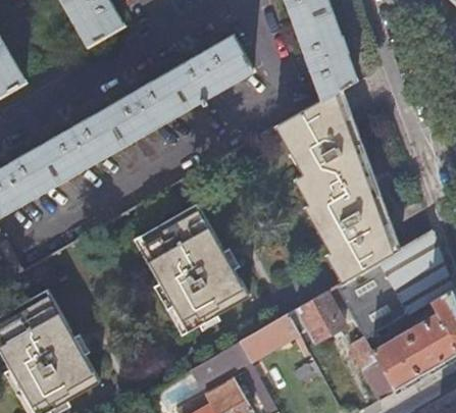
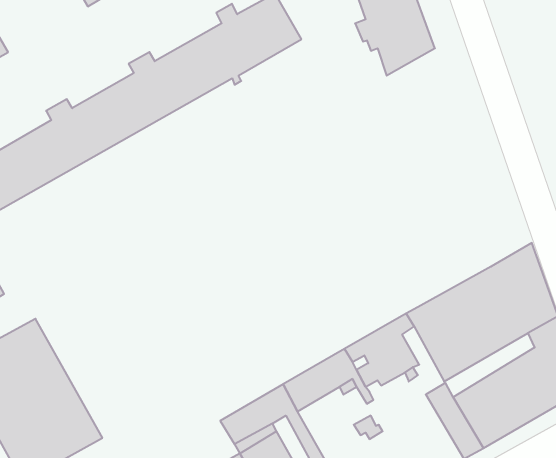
building: [280,88,401,281] -> none
building: [137,205,249,332] -> none

